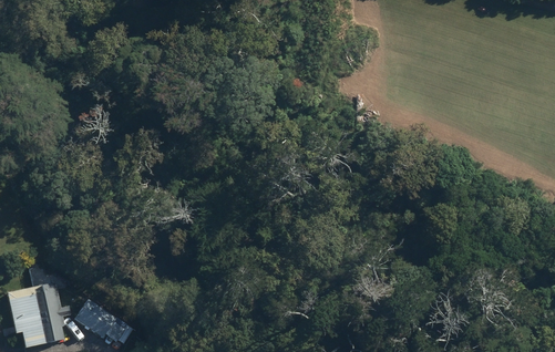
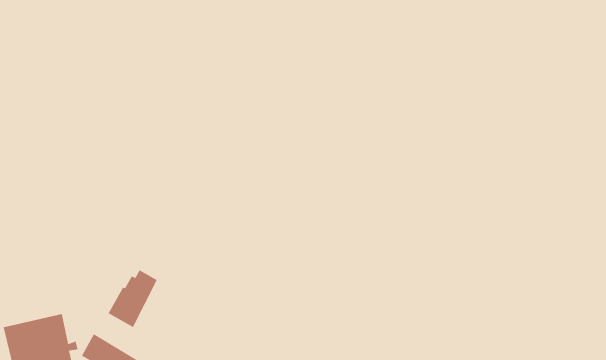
building: none -> [108,269,157,328]

